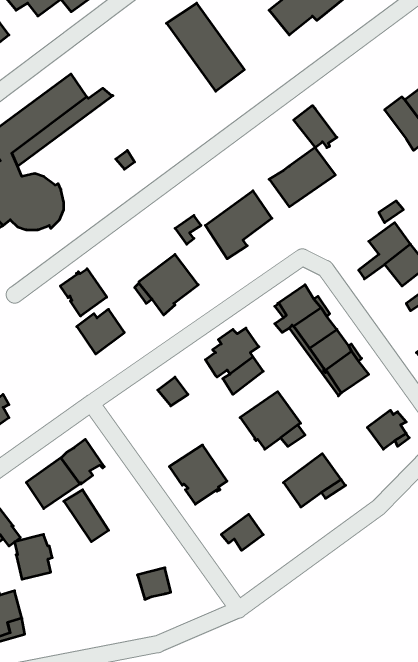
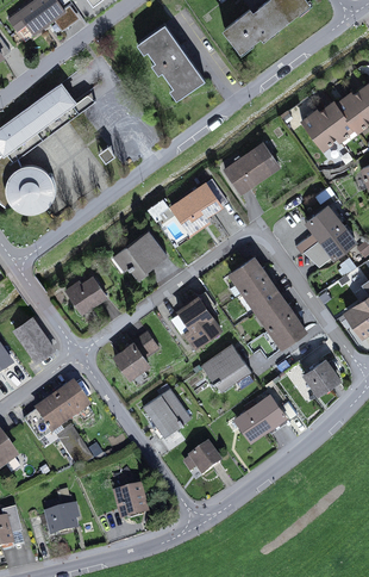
building: [294,106,337,148] -> [301,110,337,144]
building: [60,269,107,316] -> none
building: none -> [14,318,52,361]
building: none -> [114,343,148,377]
building: [15,534,52,579] -> [45,497,76,534]

